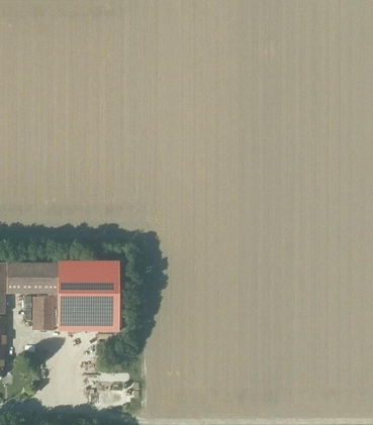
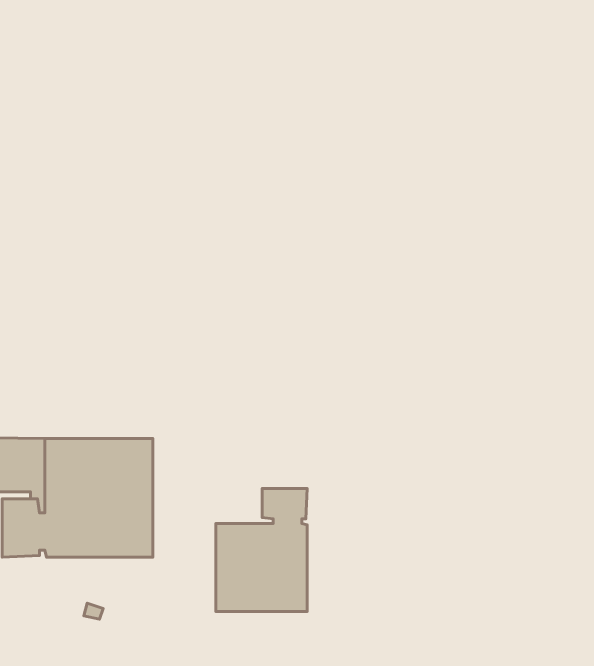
building: none -> [216,489,307,612]

